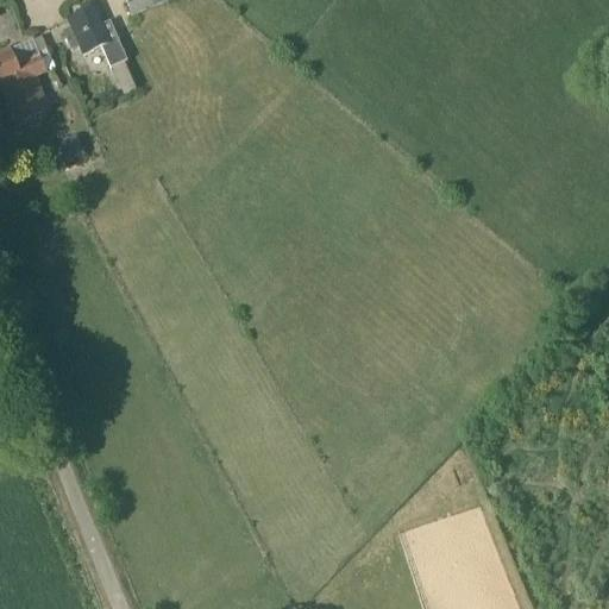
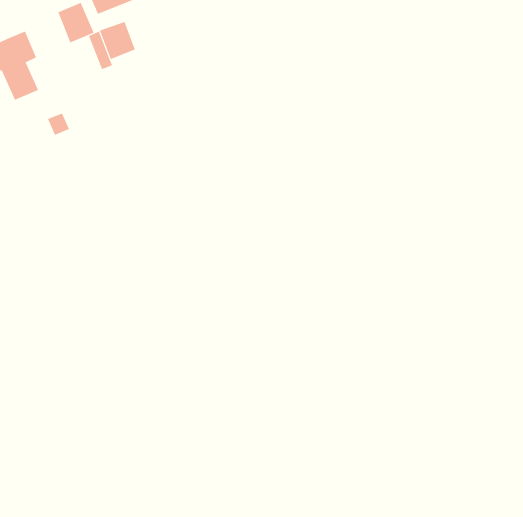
building: none -> [99,21,135,60]

